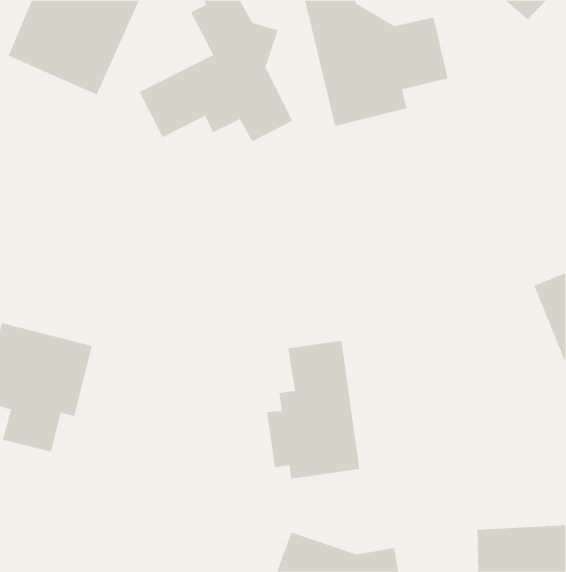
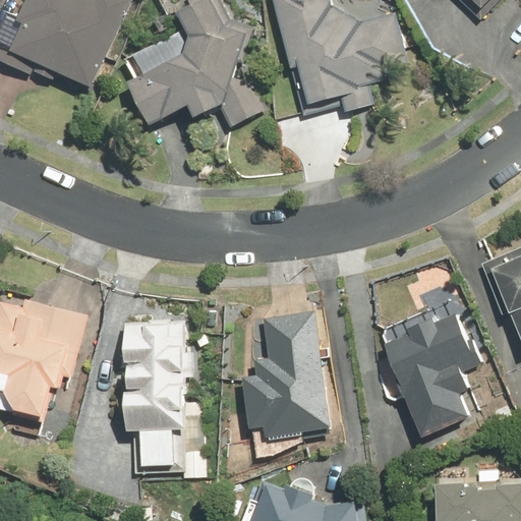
building: none -> [383,308,481,433]
building: none -> [123,321,207,480]

